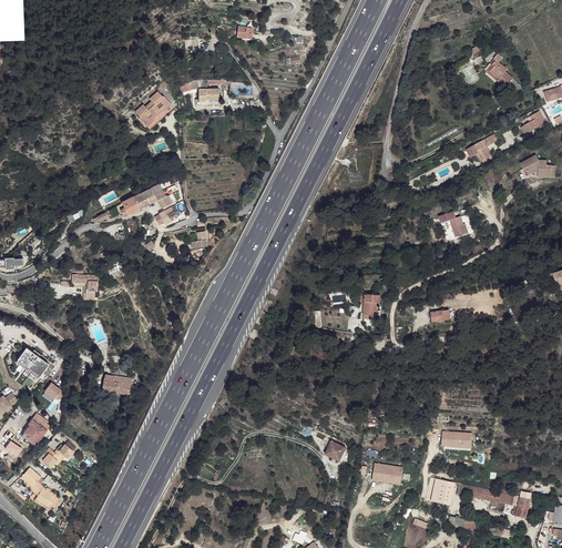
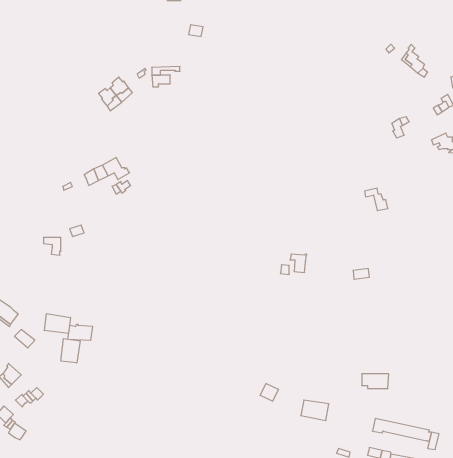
building: none -> [44,314,70,333]
building: none -> [61,339,80,363]
building: [428,478,456,508] -> none

